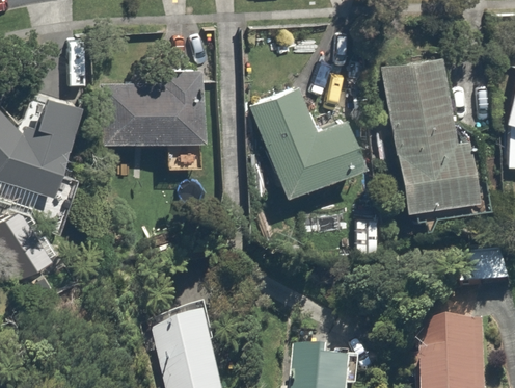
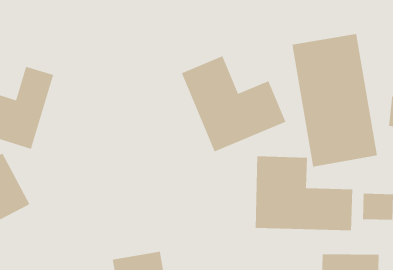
building: [99,70,199,145] -> none
building: none -> [255,156,353,231]

